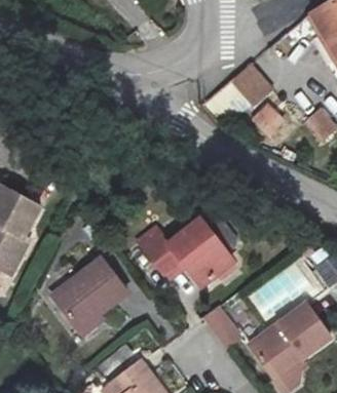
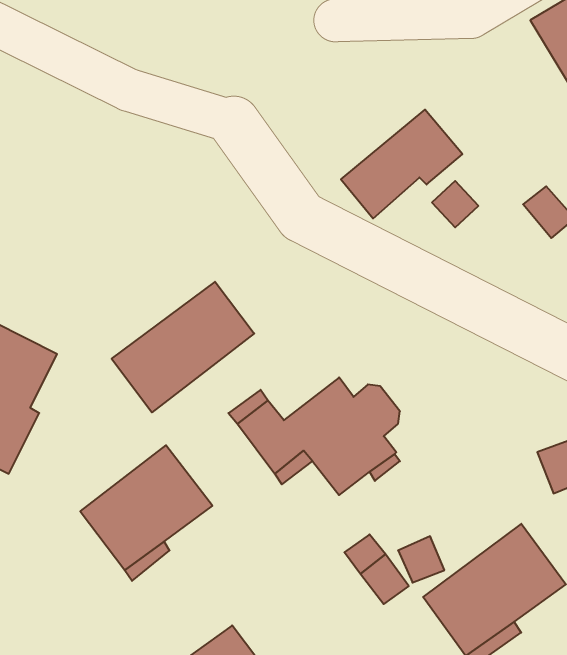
building: none -> [112,282,254,412]

